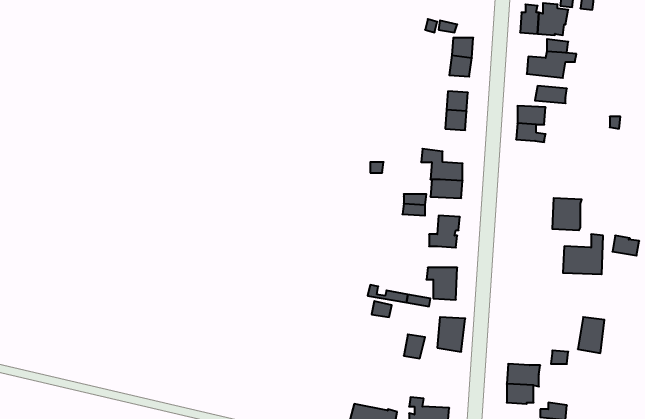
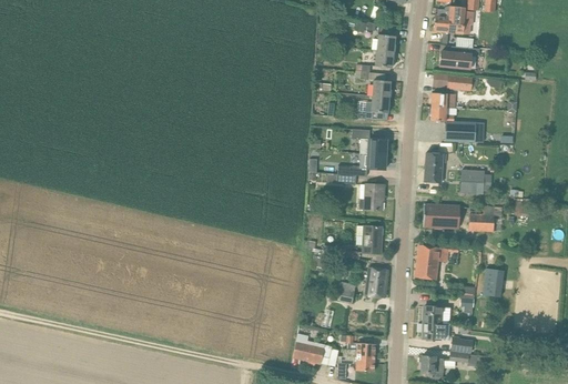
building: none -> [445,121,476,142]
building: none -> [424,152,446,183]
building: none -> [423,203,460,228]
building: none -> [415,244,448,279]

